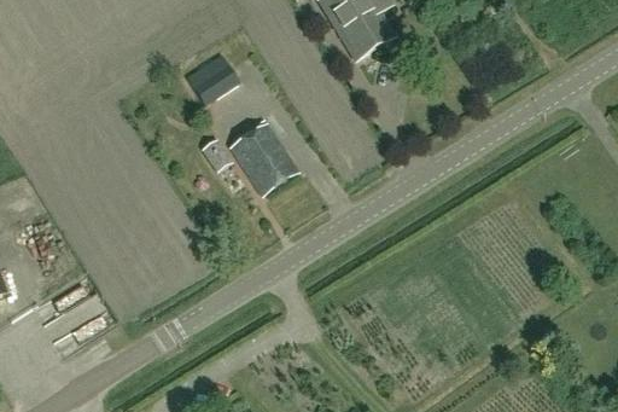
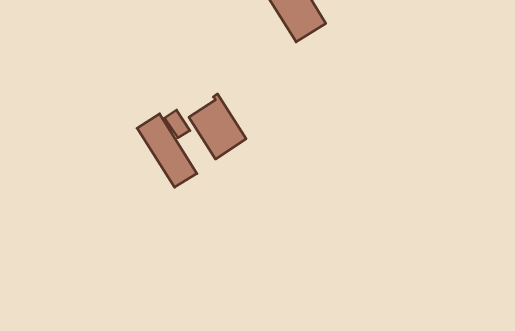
building: [185,52,239,106] -> none
building: none -> [137,114,197,187]

